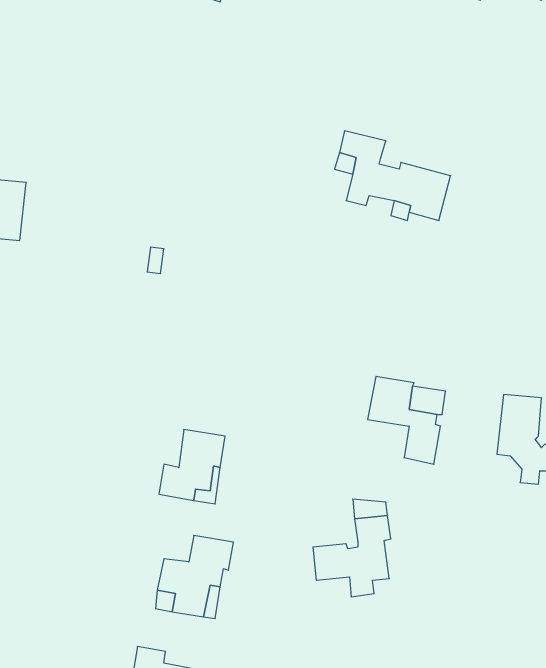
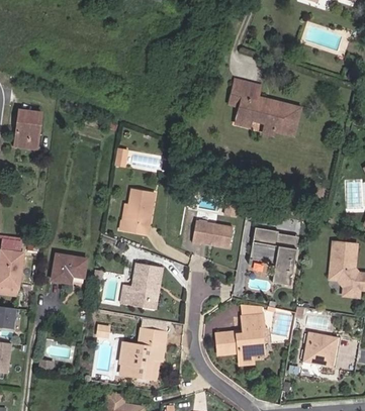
building: none -> [119,191,152,233]
building: none -> [193,217,234,243]
building: none -> [52,254,86,282]
building: none -> [303,332,336,367]

